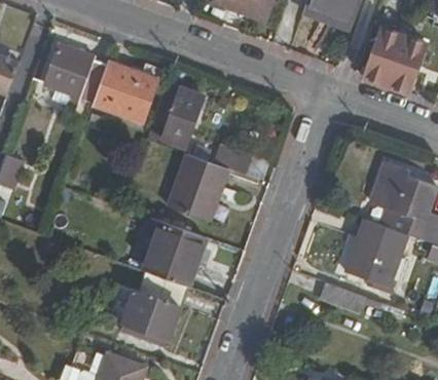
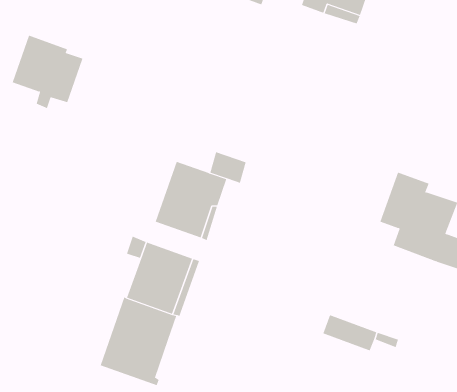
building: [357,28,424,94] -> none
building: [94,63,158,121] -> none
building: [157,88,197,147] -> none
building: [342,220,403,294] -> none

